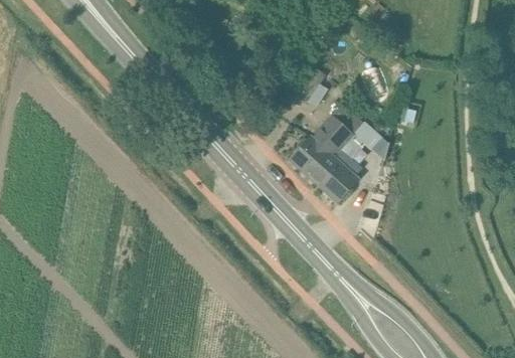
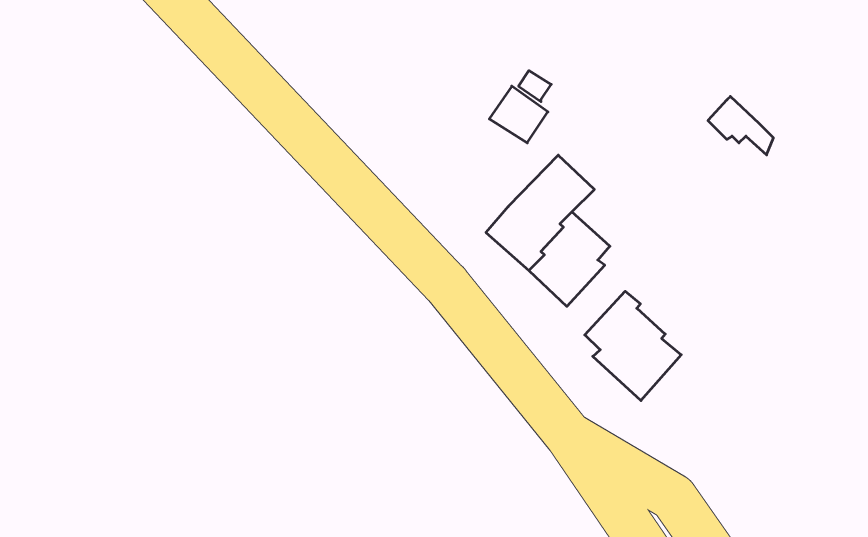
building: [354,121,392,155] -> [708,96,773,155]
building: none -> [585,291,681,401]

